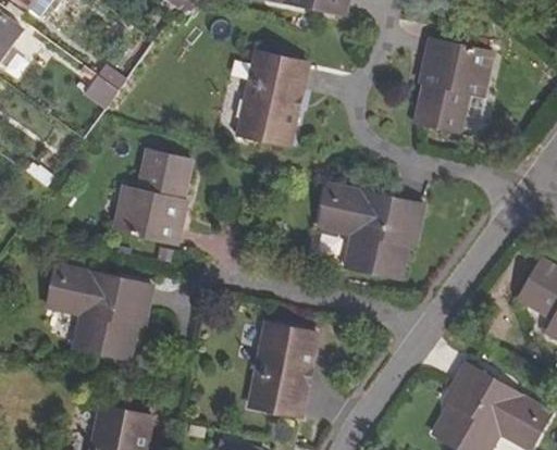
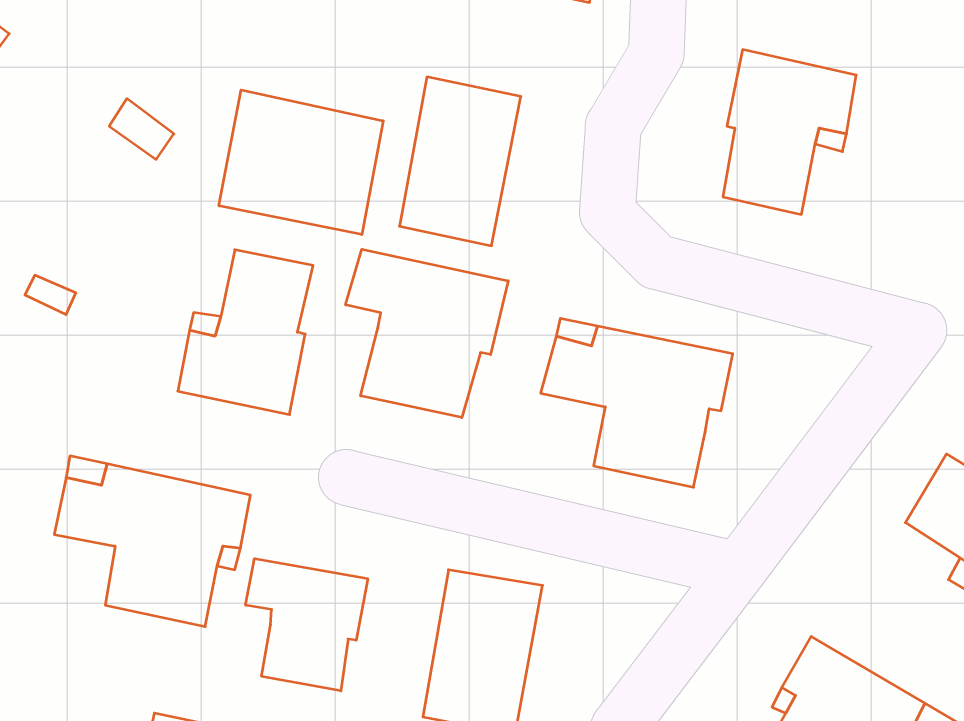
building: none -> [219,90,383,235]
building: none -> [346,249,508,418]
building: none -> [246,559,368,691]

